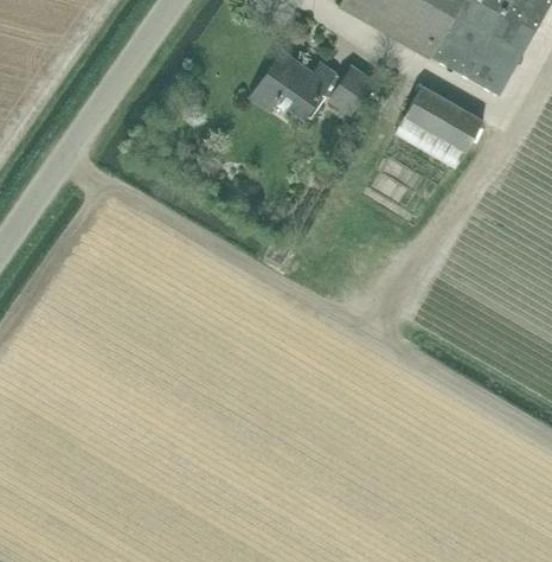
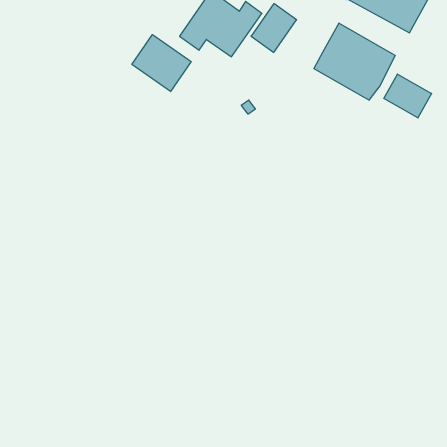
building: none -> [132,35,191,92]
building: none -> [384,74,432,118]

